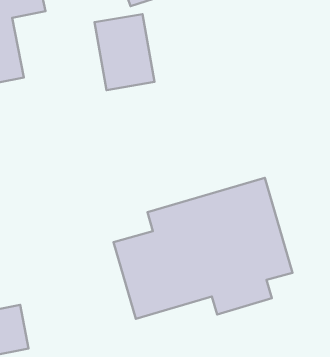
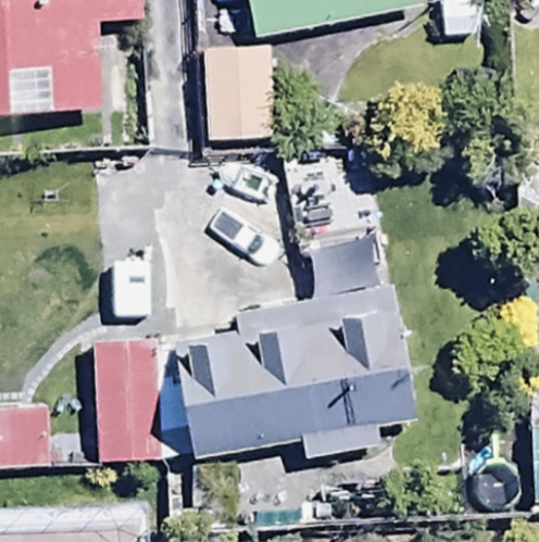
building: none -> [92,337,162,463]

